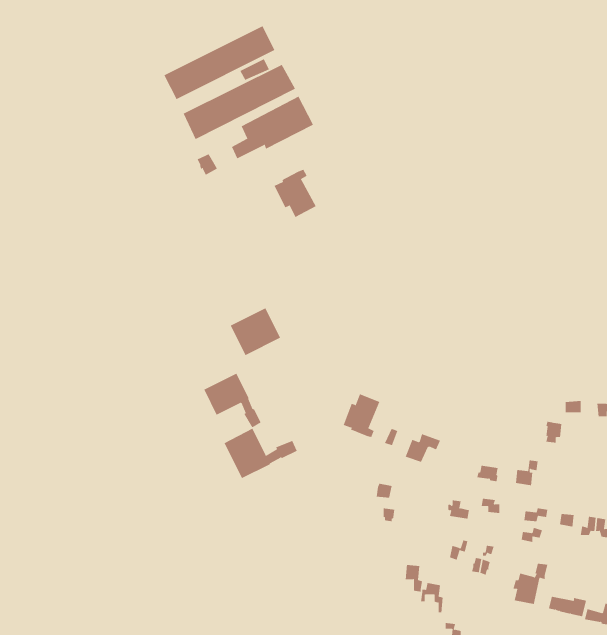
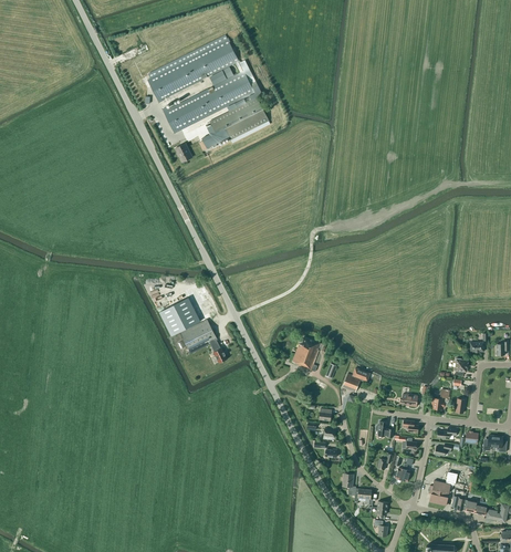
building: [274,169,316,218] -> none
building: [230,308,281,356] -> [158,296,199,335]
building: [224,428,297,479] -> none

